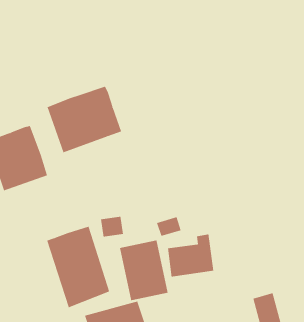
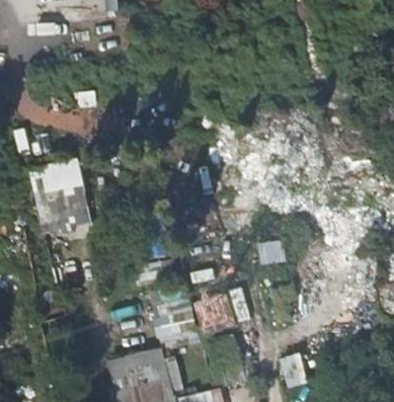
building: [47,86,122,153] -> none
building: [47,226,110,308] -> none

